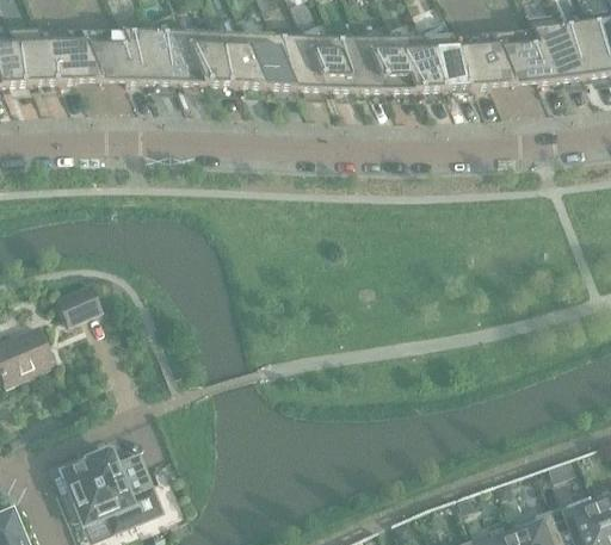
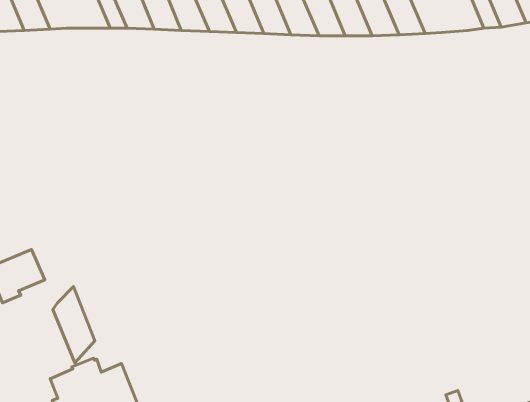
building: [58,280,103,321] -> none
building: none -> [53,287,95,363]

